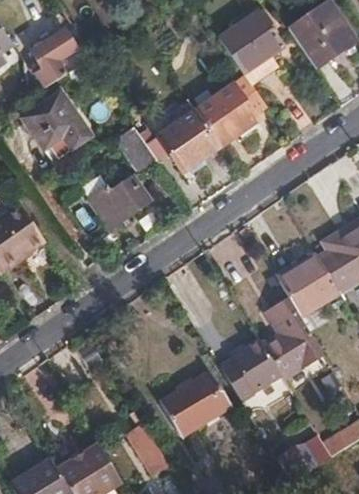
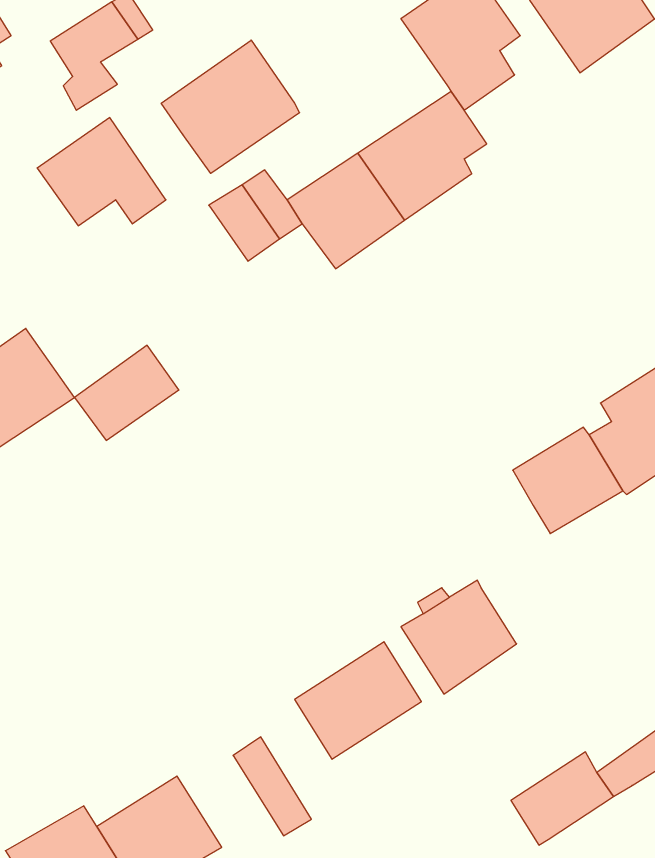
building: none -> [161,40,300,173]
building: [94,177,150,228] -> [74,345,179,440]
building: [262,299,324,378] -> none

